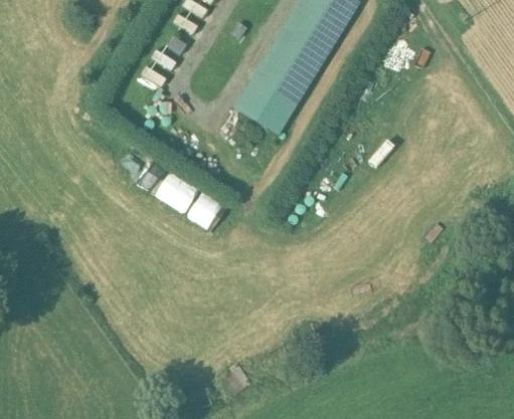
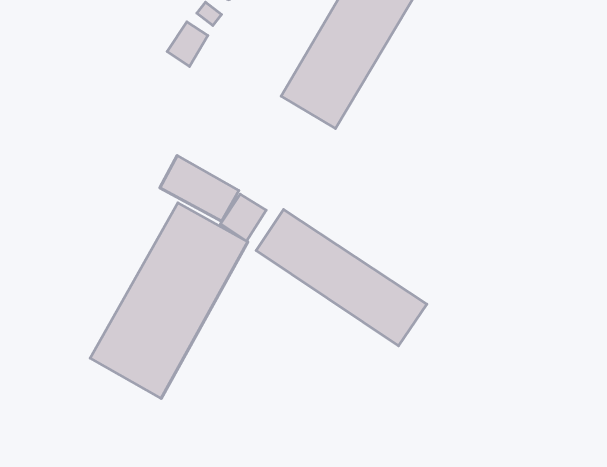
building: none -> [90,203,248,399]
building: none -> [256,209,427,346]

